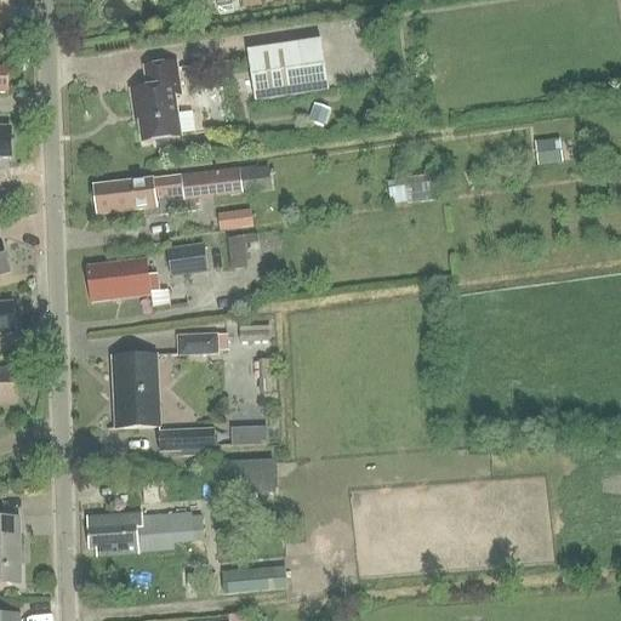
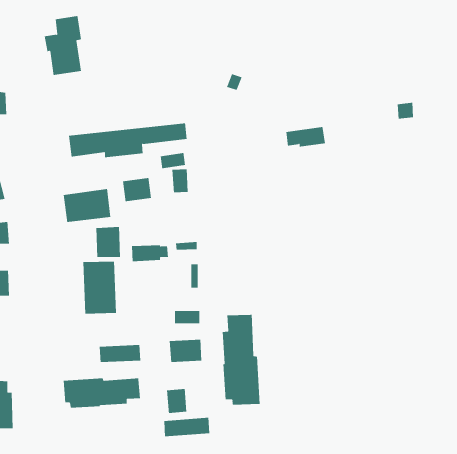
building: [249,36,331,98] -> none
building: [129,58,180,139] -> [44,15,82,76]
building: none -> [96,226,121,258]
building: none -> [222,314,260,406]
building: [159,426,216,450] -> [99,345,141,363]
building: none -> [166,388,187,414]

